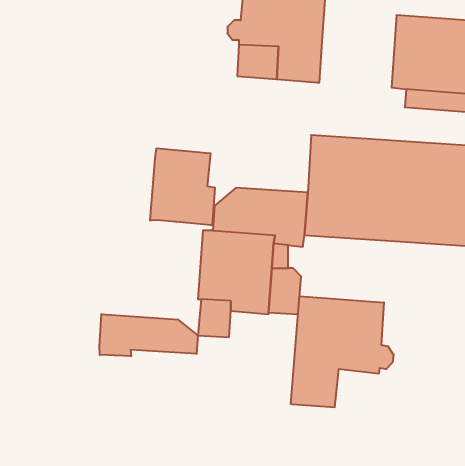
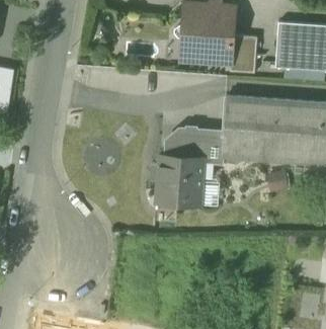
building: none -> [229,35,257,73]
building: [150,148,215,225] -> none
building: [291,296,393,407] -> none
building: [99,314,198,356] -> none

